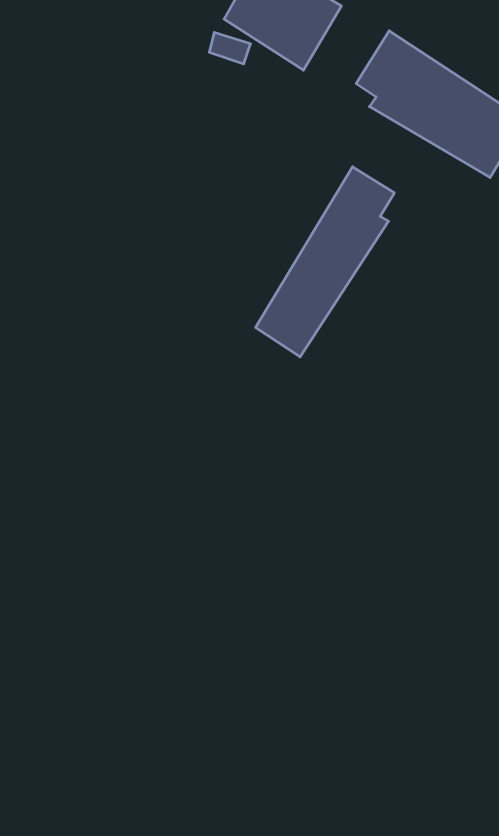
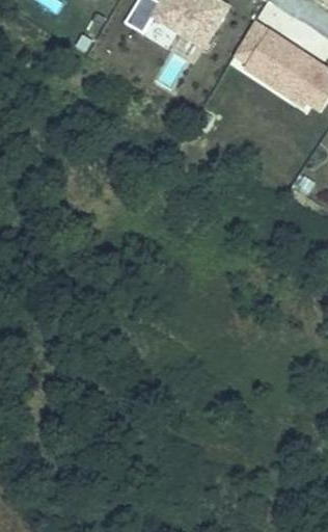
building: [256,167,394,357] -> none

